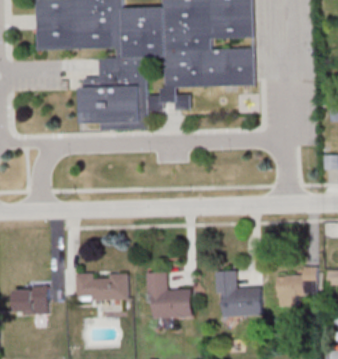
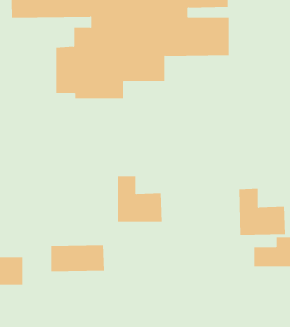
building: [216,270,263,317] -> [238,188,286,236]
building: [147,273,192,319] -> [117,176,162,222]

